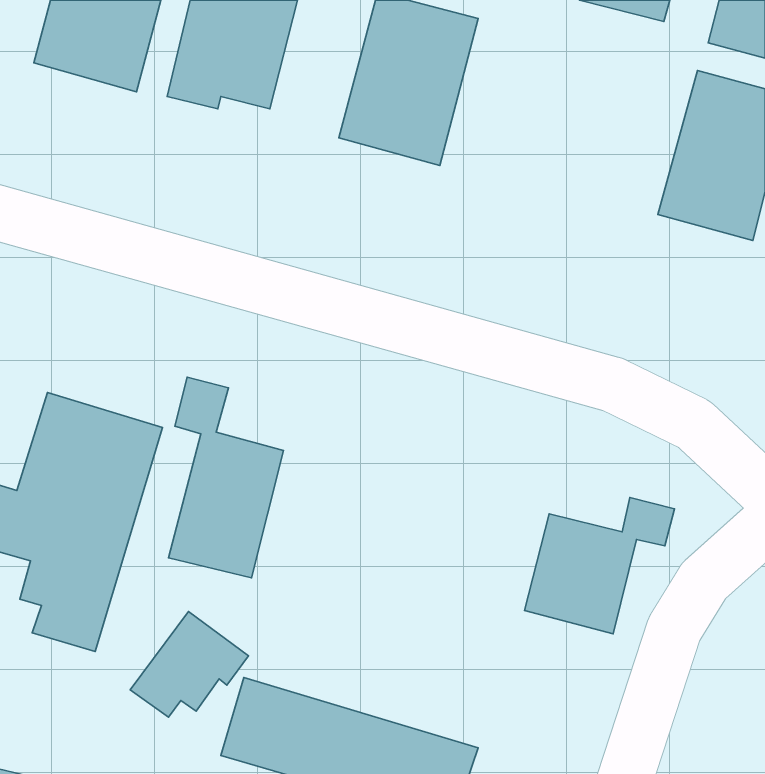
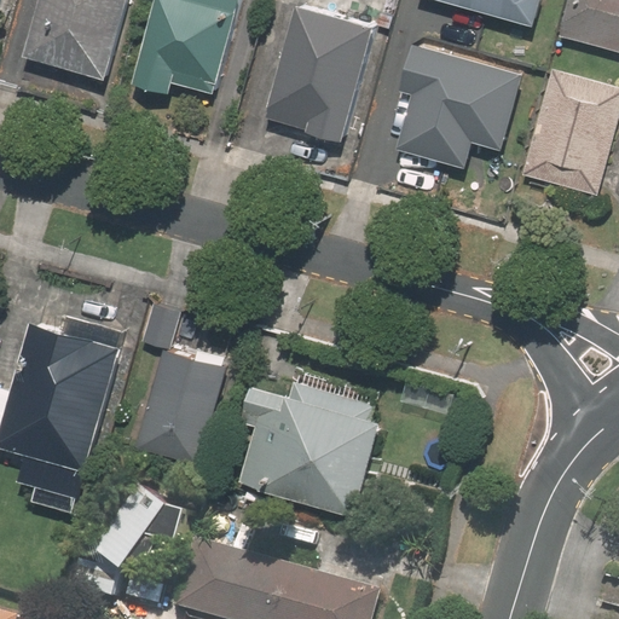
building: none -> [384,45,510,177]
building: none -> [238,378,381,516]
building: [525,498,675,634] -> none

